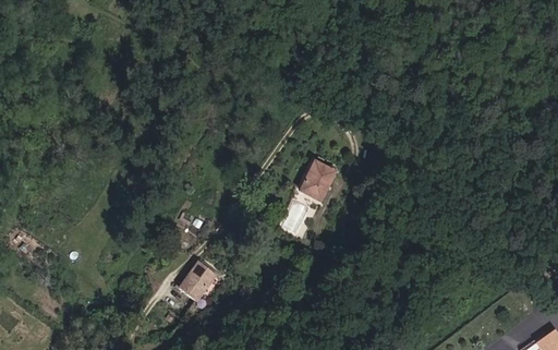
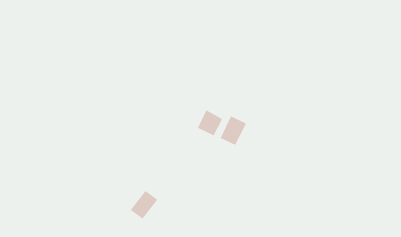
building: none -> [197,110,223,136]

